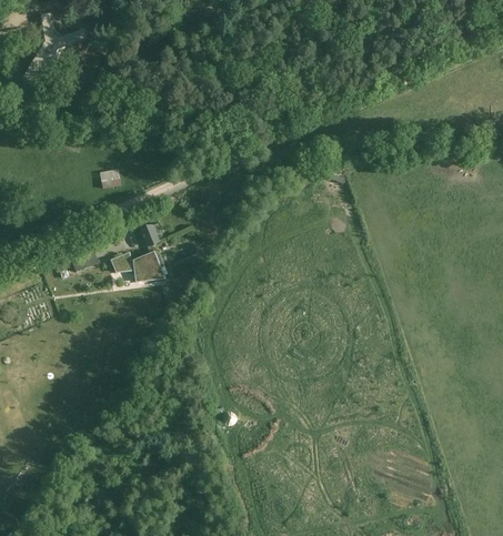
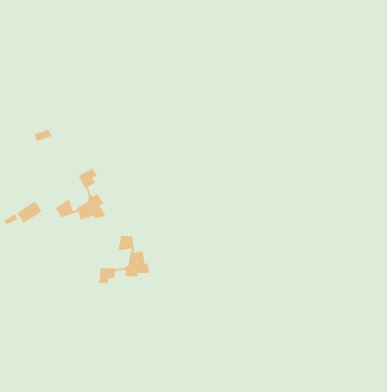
building: none -> [98,235,150,284]

